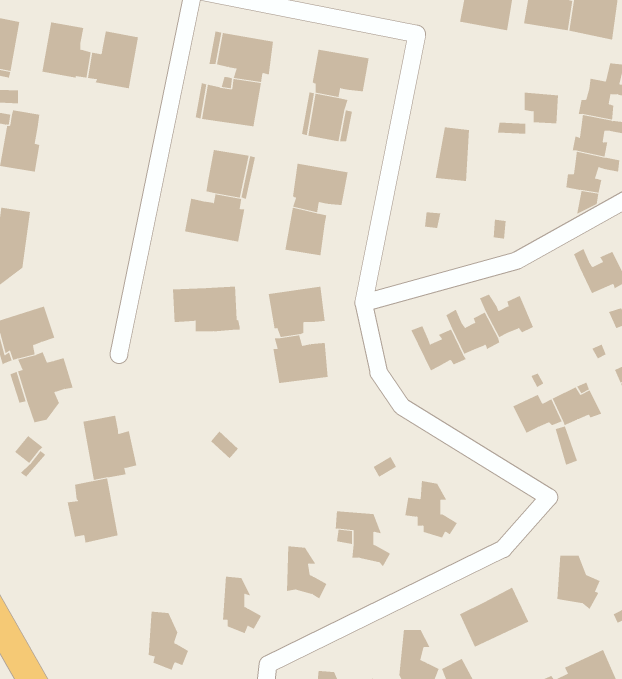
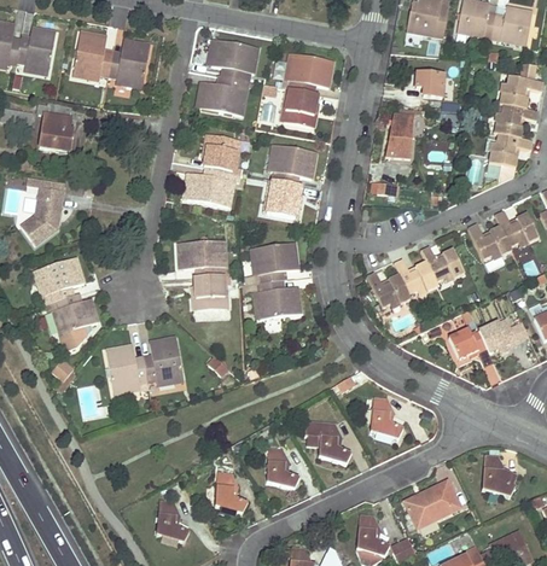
building: [524,92,559,124] -> [415,71,443,97]
building: none -> [467,223,512,259]
building: none -> [191,275,231,310]
building: [67,478,118,543] -> [142,335,184,387]

